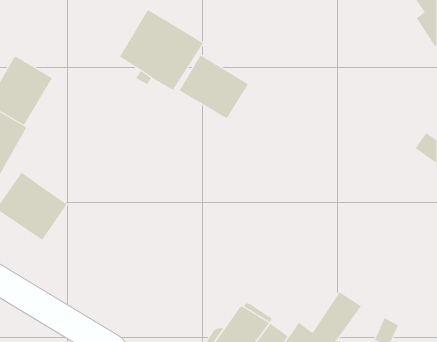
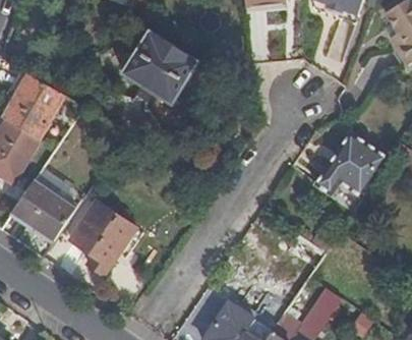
building: [179,55,249,119] -> none
building: none -> [314,131,389,199]
building: none -> [69,201,135,274]

